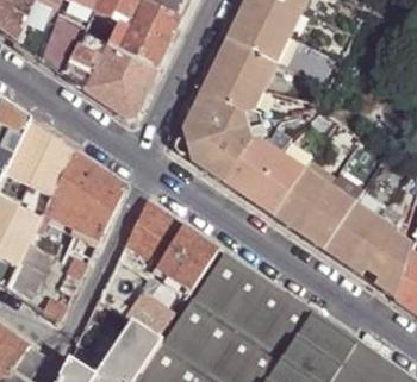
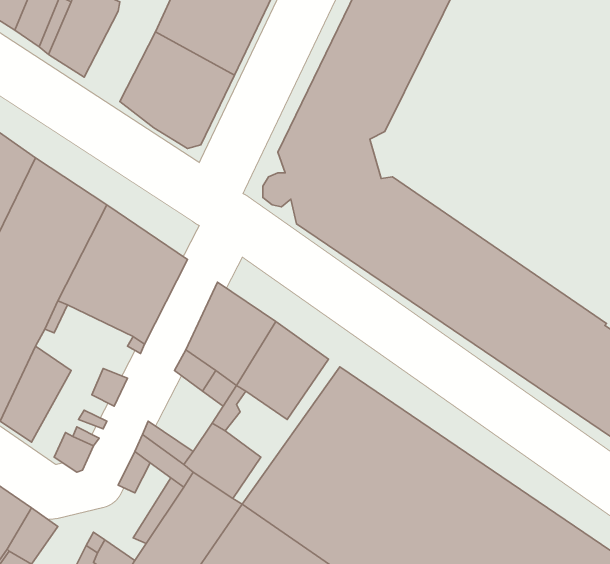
building: [62,29,107,86] -> none

